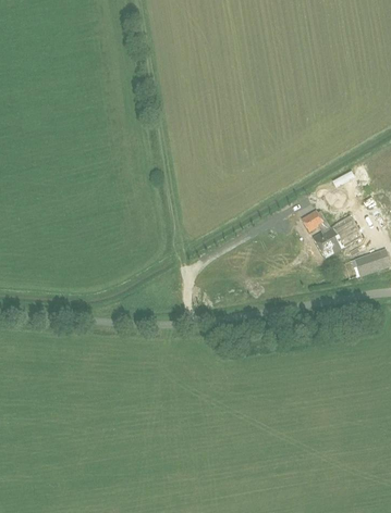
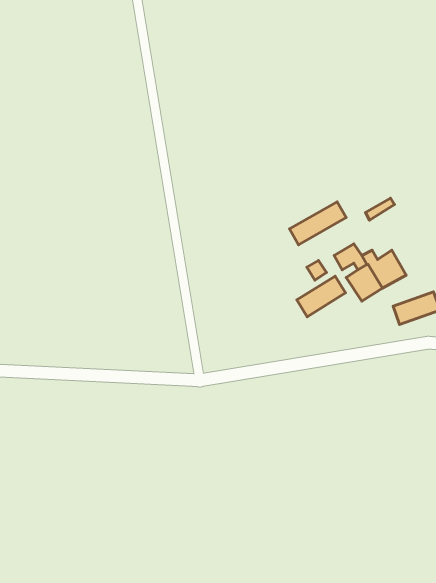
building: none -> [289,202,346,245]
building: none -> [297,276,346,317]

